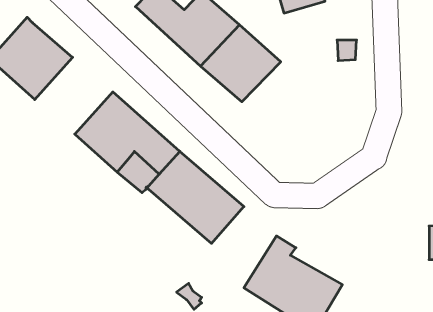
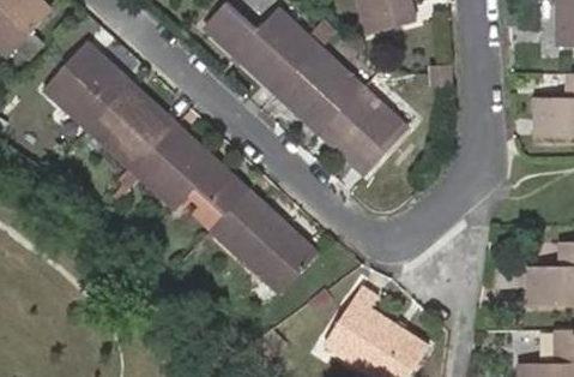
building: none -> [91,84,177,169]
building: none -> [320,89,409,176]

